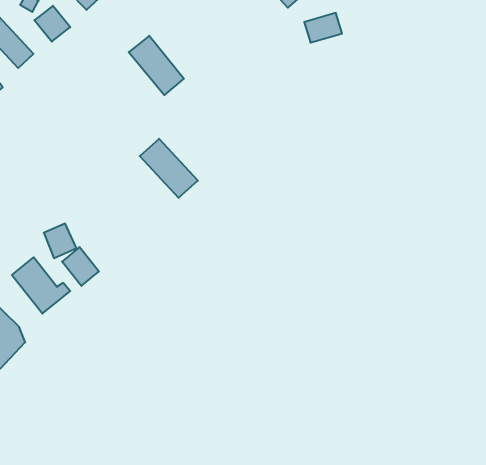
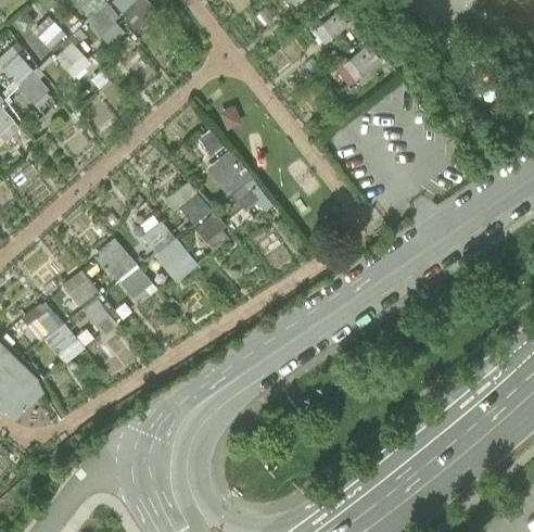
building: [129,36,184,95] -> [205,149,264,212]
building: none -> [140,219,198,279]
building: none -> [92,236,153,300]

